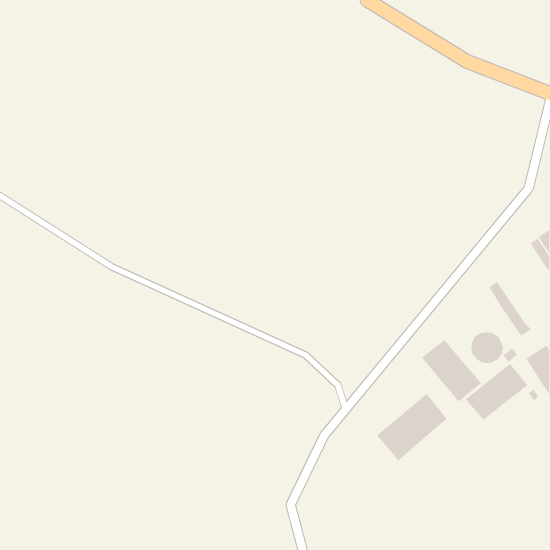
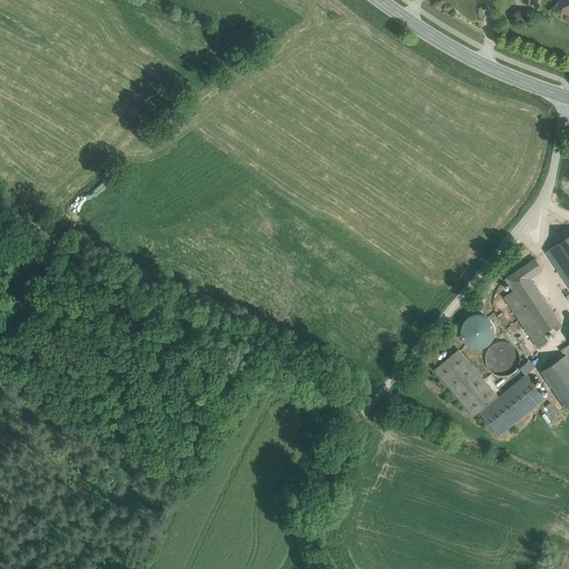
building: none -> [506,259,560,335]
building: none -> [458,310,498,349]
building: [376,393,448,461] -> none

